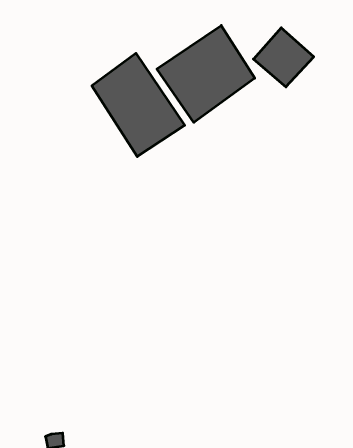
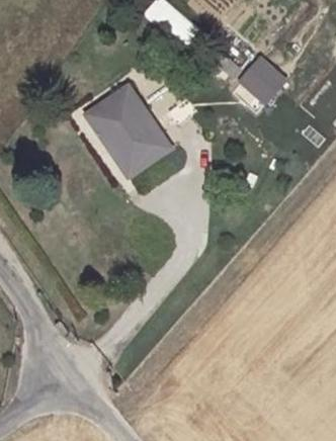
building: [157,25,255,122] -> none

